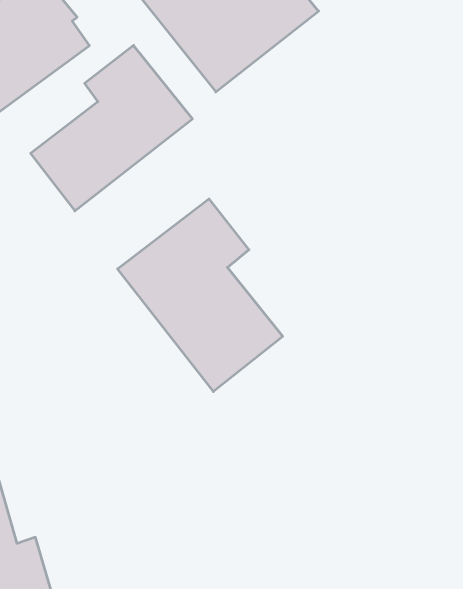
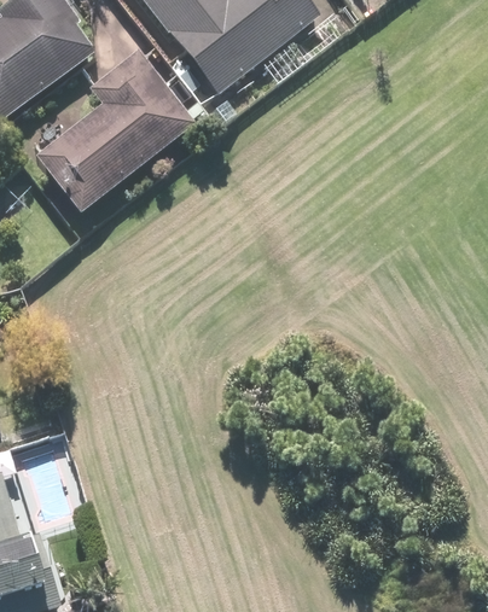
building: [118,199,283,392] -> none

